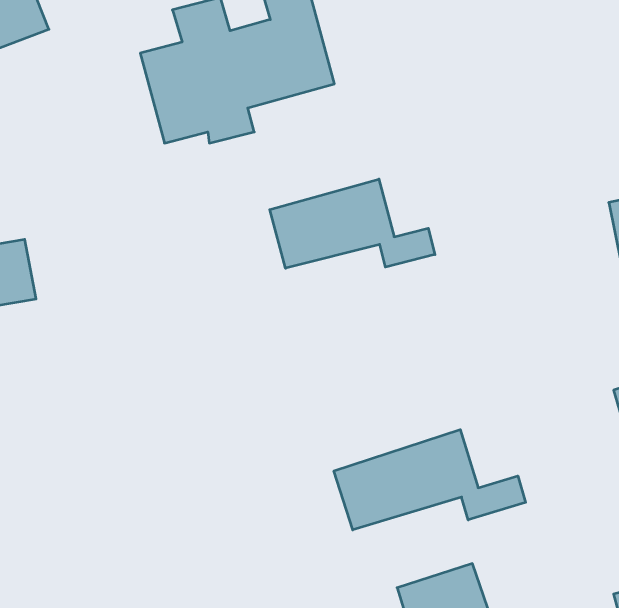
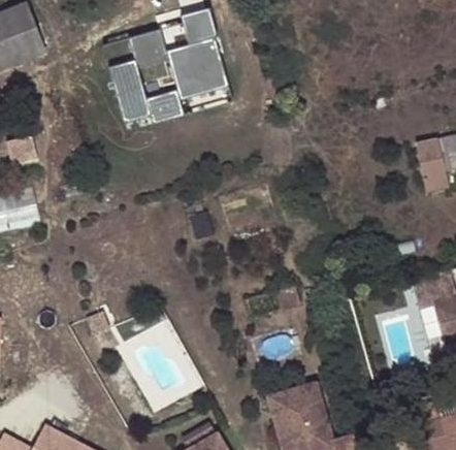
building: [270,179,435,268] -> none
building: [334,430,526,530] -> none

